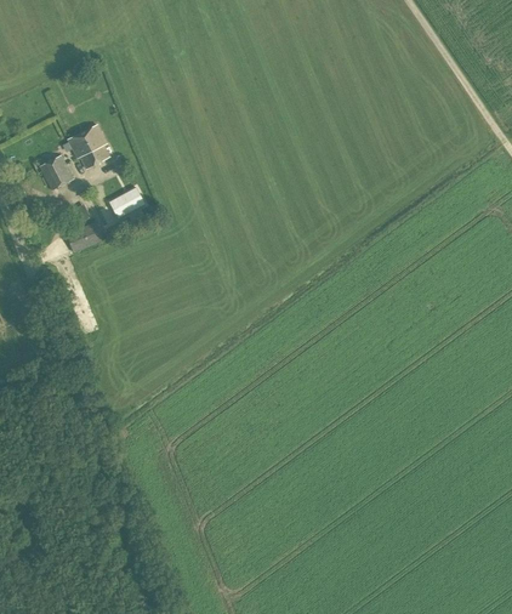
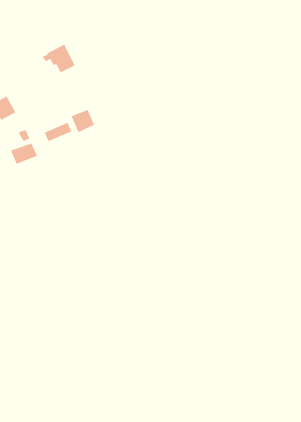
building: [62,125,109,166] -> [42,44,76,73]
building: none -> [71,109,95,133]

